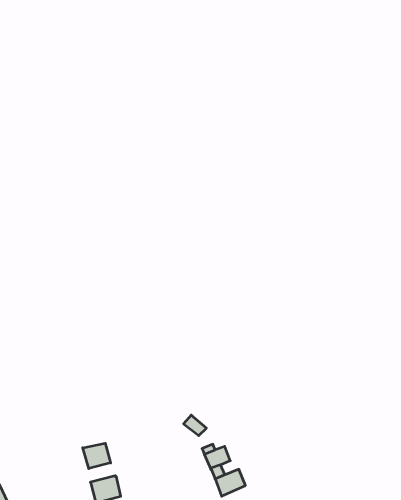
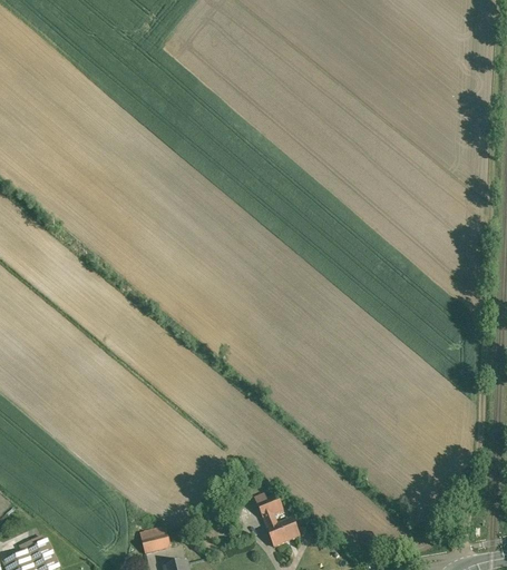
building: [83,443,111,469] -> none

